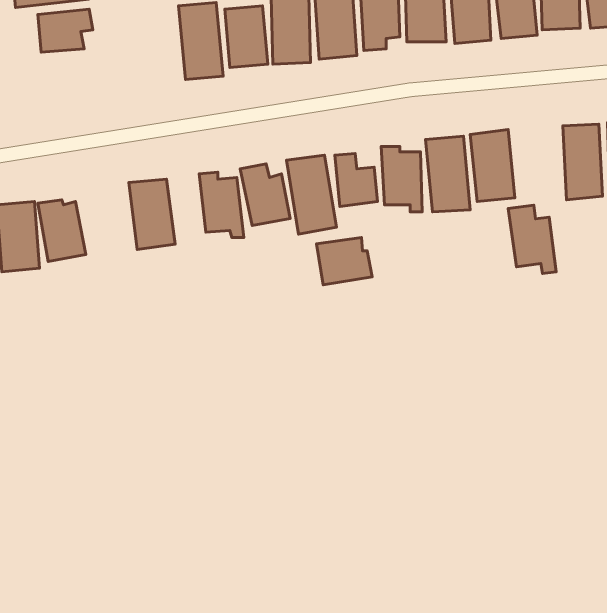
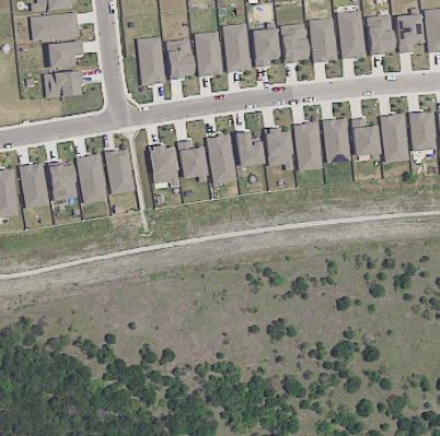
building: none -> [44,71,83,96]
building: none -> [77,153,107,203]
building: [508,205,556,274] -> [350,117,381,161]
building: [316,237,372,285] -> none

